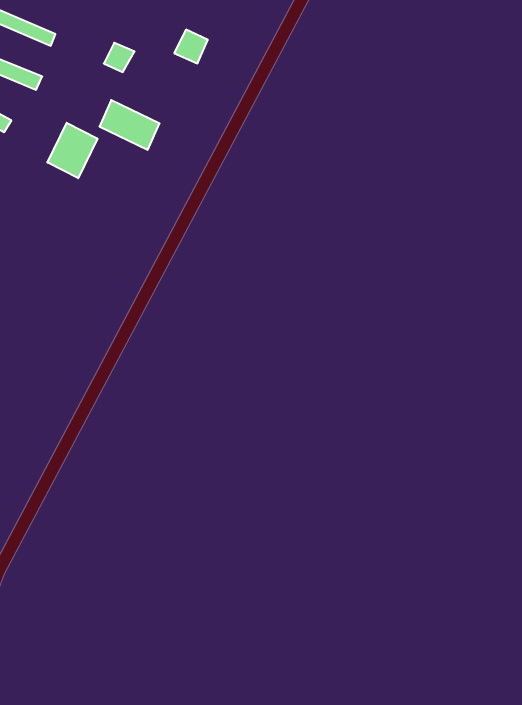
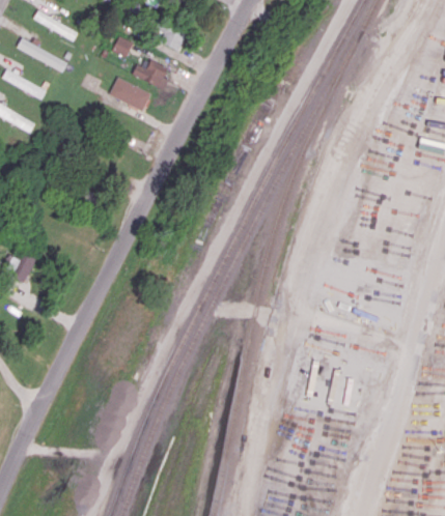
building: none -> [134,59,170,89]
building: [47,123,97,178] -> none

